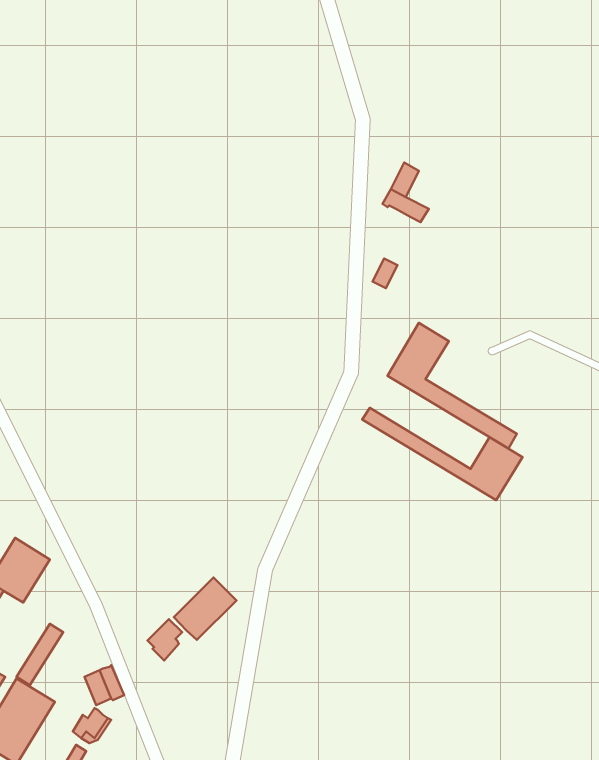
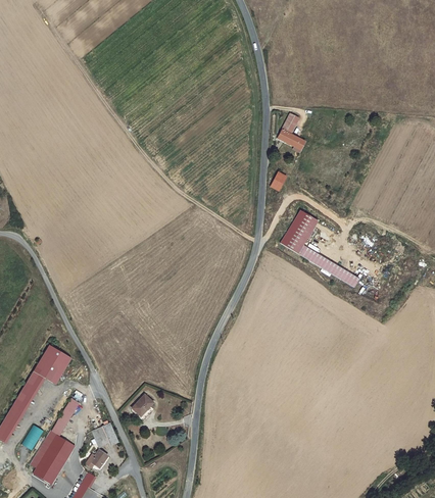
building: [362,408,523,500] -> none
building: [174,578,236,640] -> none

